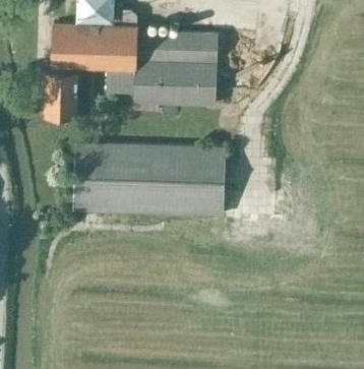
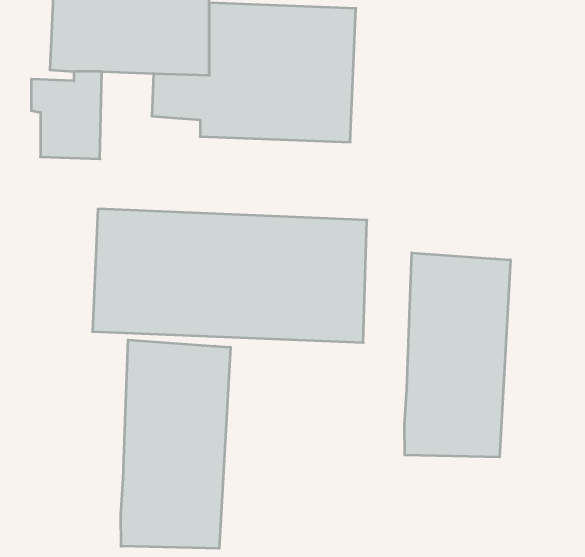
building: none -> [405,253,510,457]
building: none -> [121,340,230,548]

